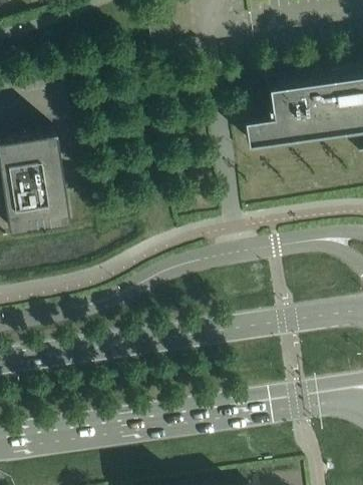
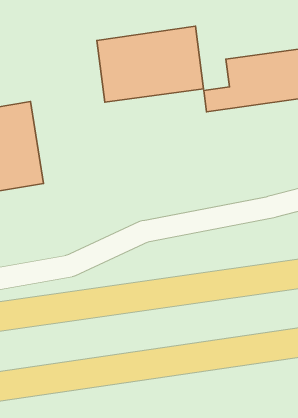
building: none -> [97,26,204,102]

